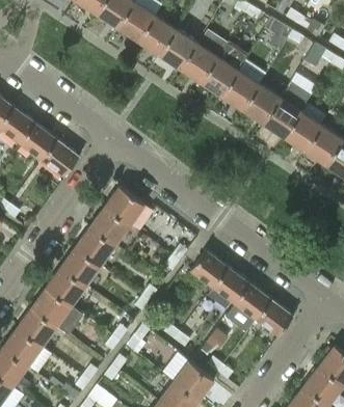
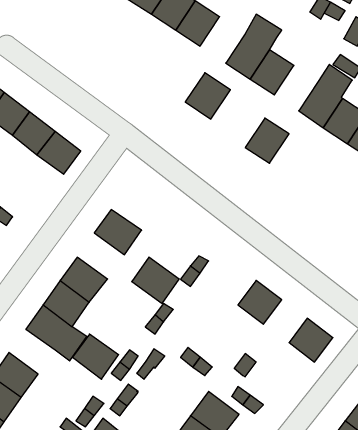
building: [180,43,218,82] -> [185,73,230,119]
building: [243,84,281,123] -> [245,118,289,163]
building: [104,186,144,224] -> none
building: [75,226,115,266] -> [132,257,179,303]
building: [190,250,228,288] -> none
building: [223,283,271,333] -> none
building: [17,308,56,347] -> [72,334,119,379]

